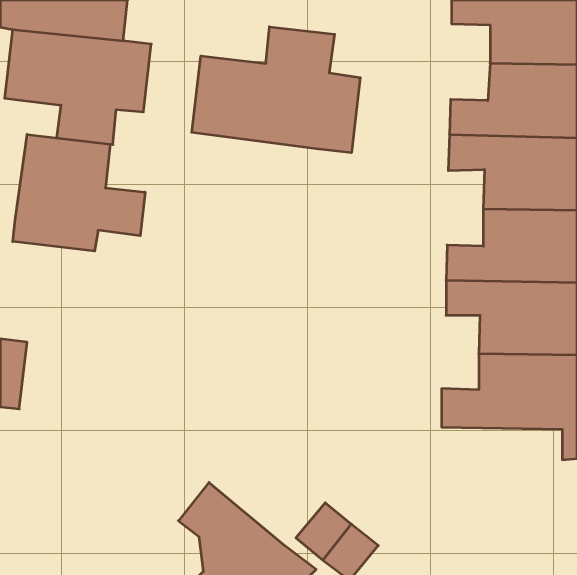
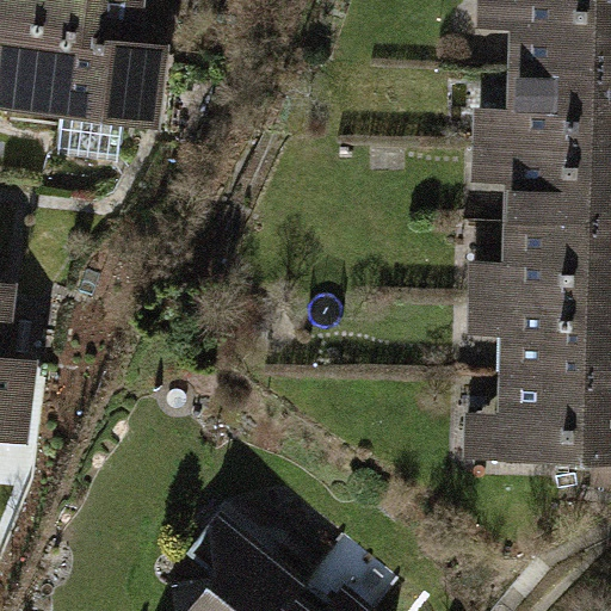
building: [192,27,360,153] -> none
building: [13,134,145,251] -> none

